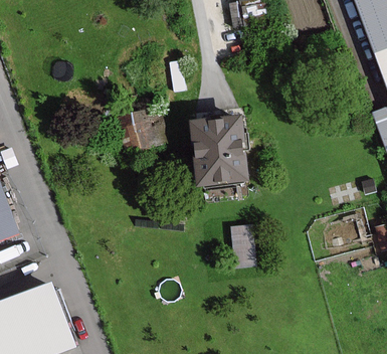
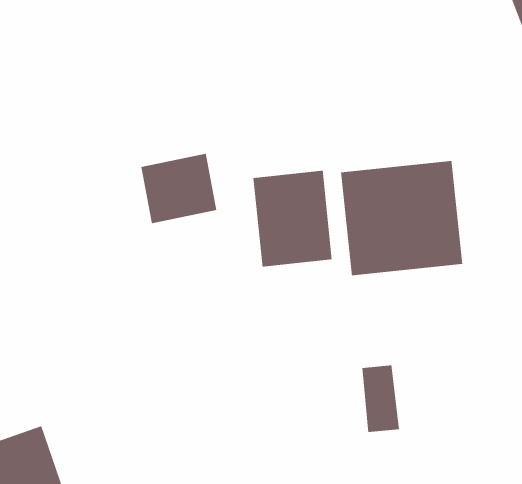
building: none -> [341,160,463,276]
building: [230,220,255,264] -> [361,365,400,433]

